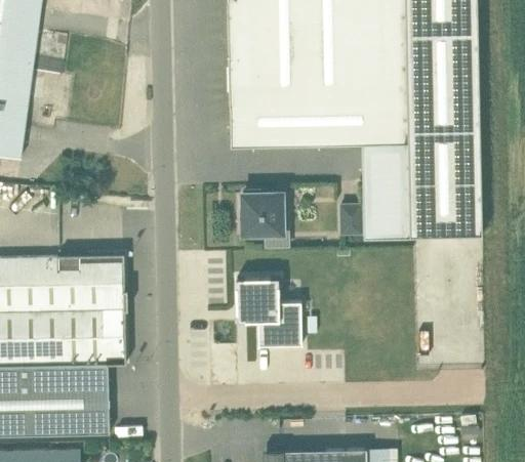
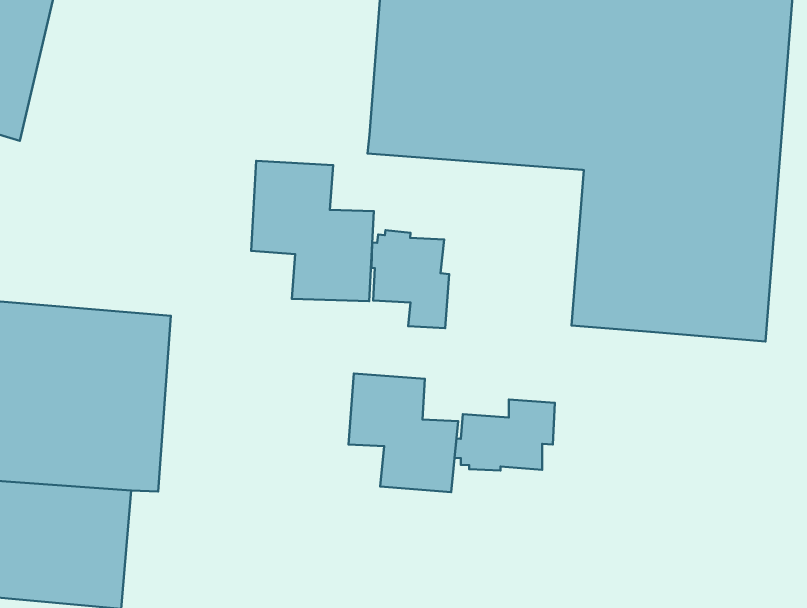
building: none -> [251,161,374,301]
building: [340,206,361,235] -> none
building: none -> [454,399,555,471]

